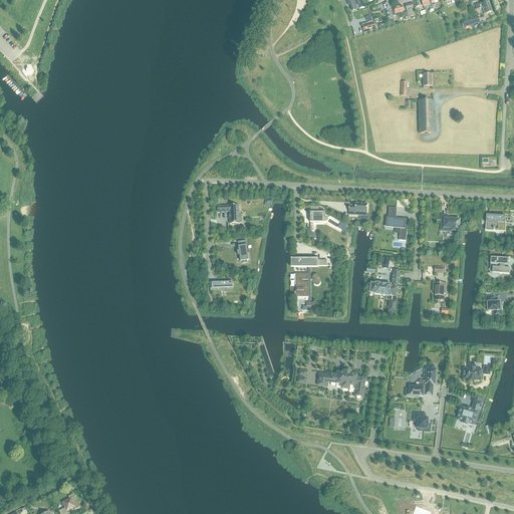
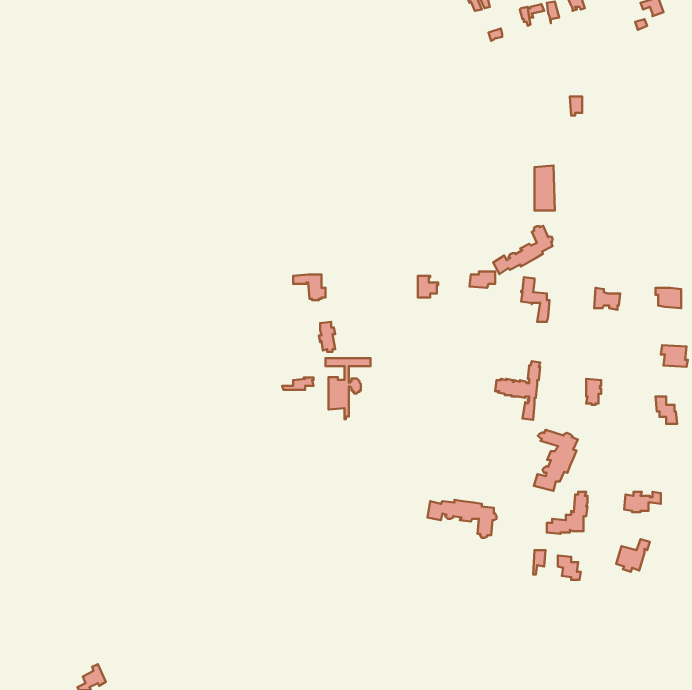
building: [418,97,433,131] -> [535,166,555,210]
building: none -> [493,226,553,274]
building: [293,257,326,302] -> [326,358,370,419]
building: none -> [534,430,578,491]

